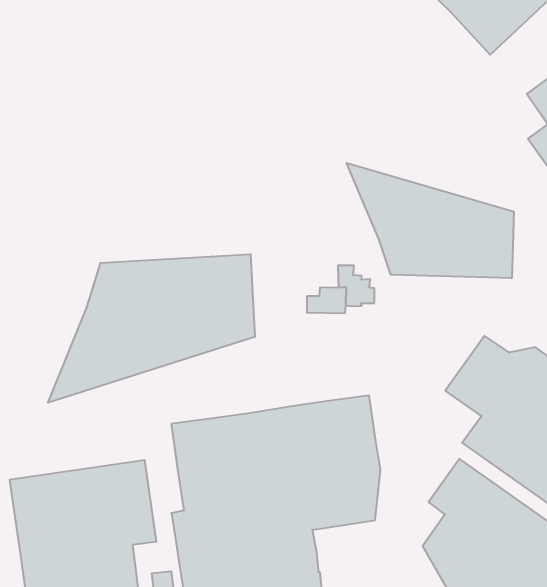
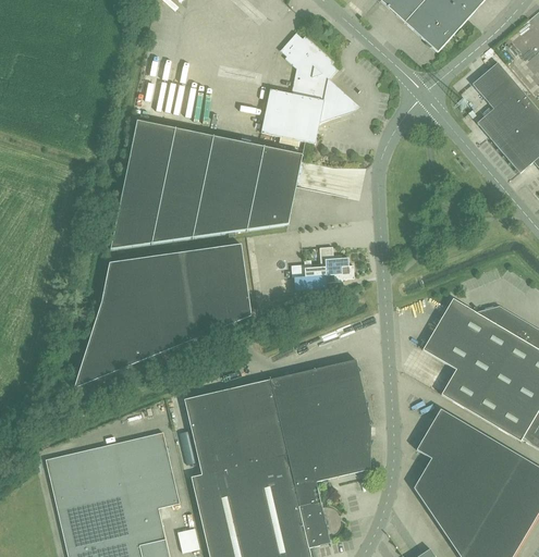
building: none -> [261,33,354,145]
building: none -> [111,121,303,249]
building: [346,163,514,278] -> none

